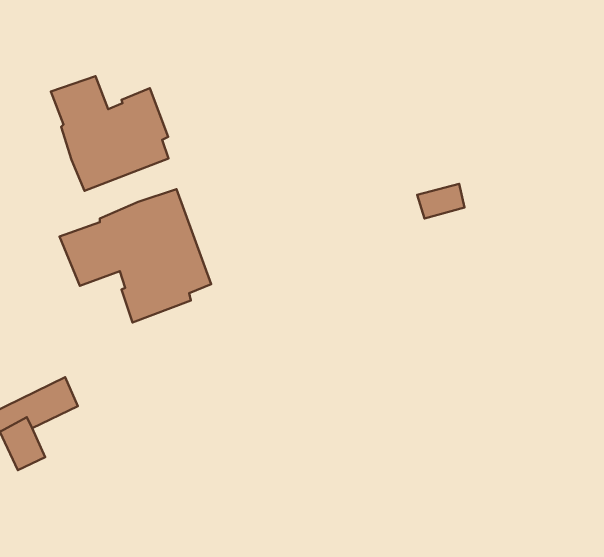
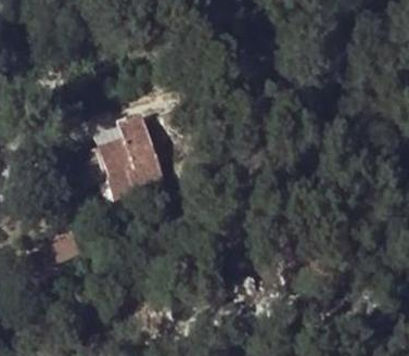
building: [51,76,168,191] -> none

